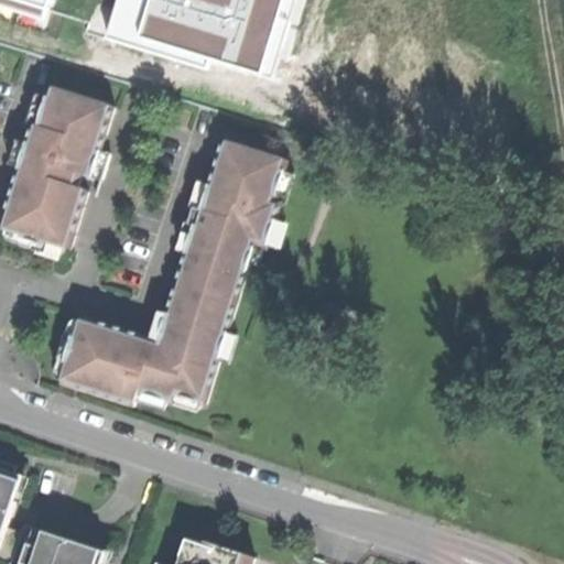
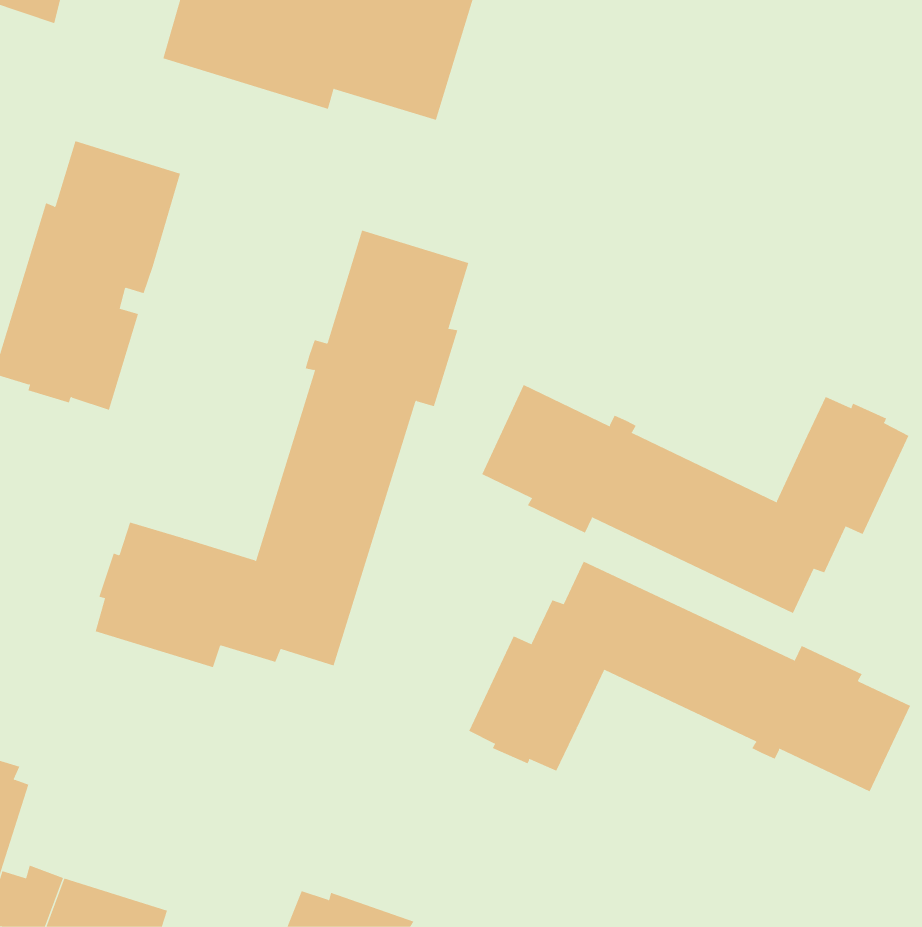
building: none -> [482,384,909,614]
building: none -> [469,561,911,792]

